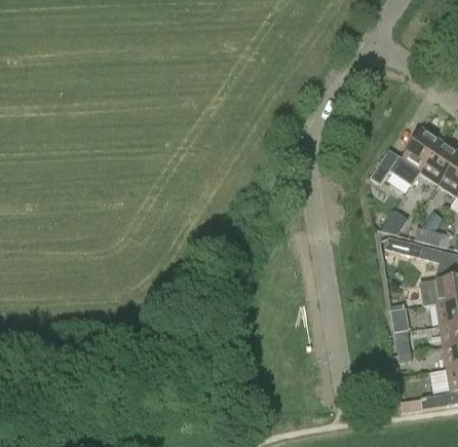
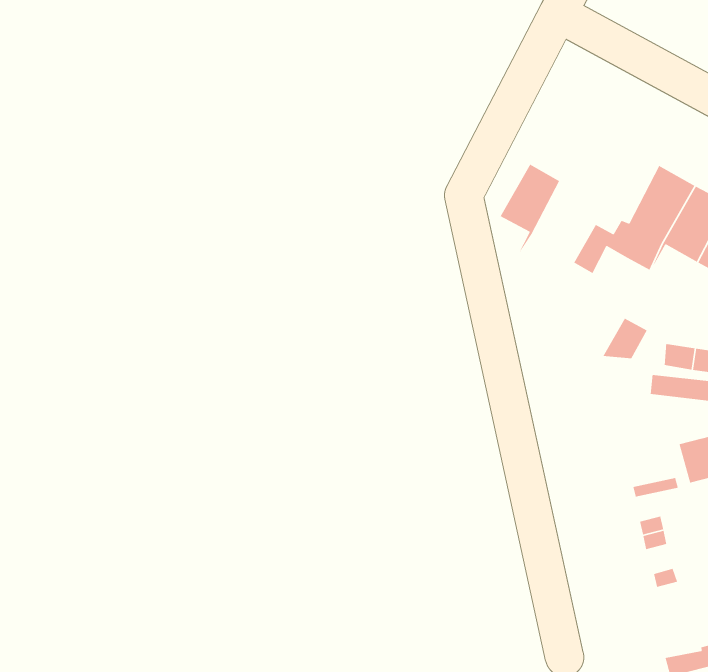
building: none -> [499,163,560,257]

